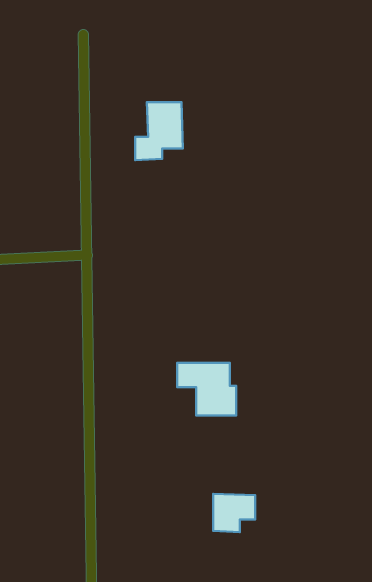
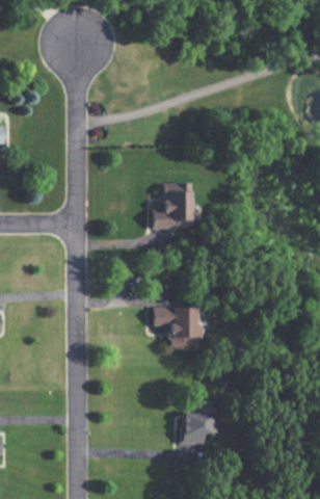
building: [135,102,183,160] -> [152,183,190,230]

